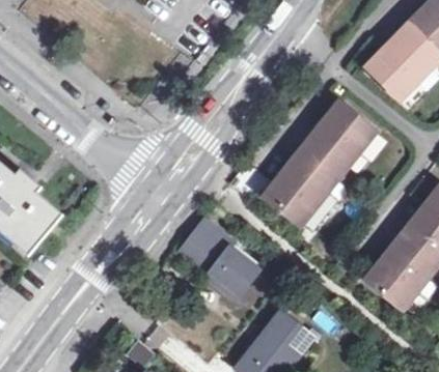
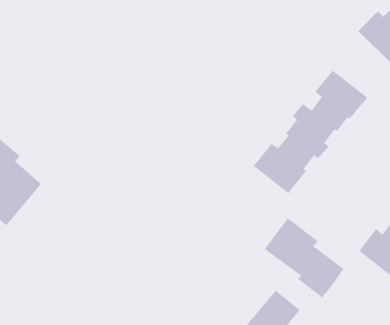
building: [180,218,257,295] -> [264,217,345,298]

